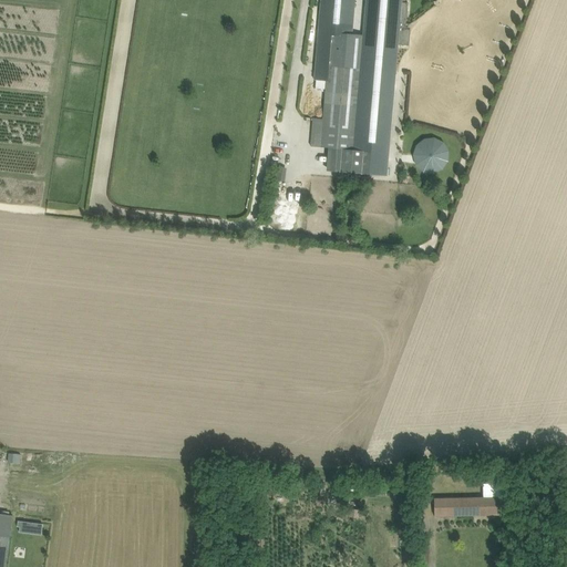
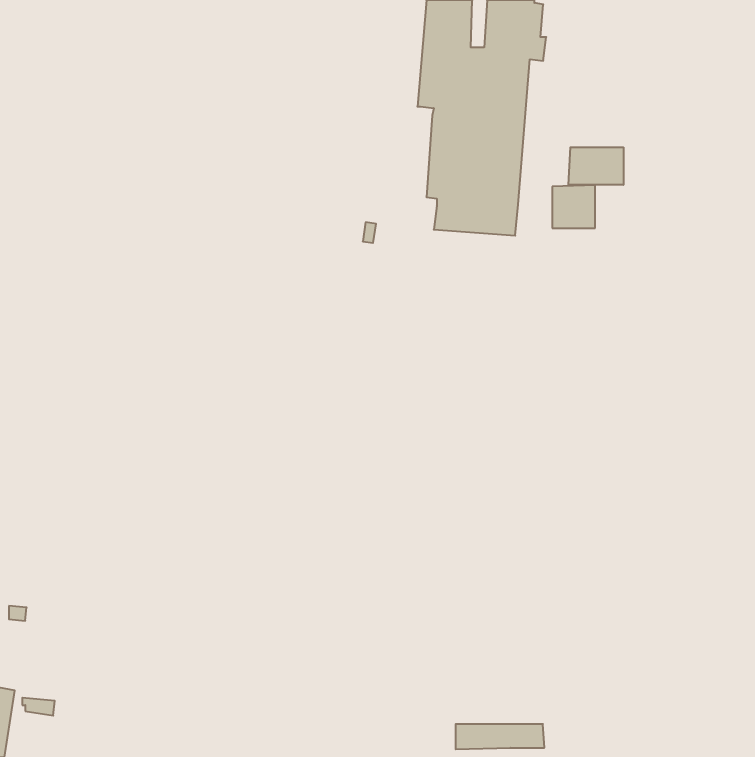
building: none -> [569,147,623,185]
building: [433,497,499,516] -> [456,724,544,749]

